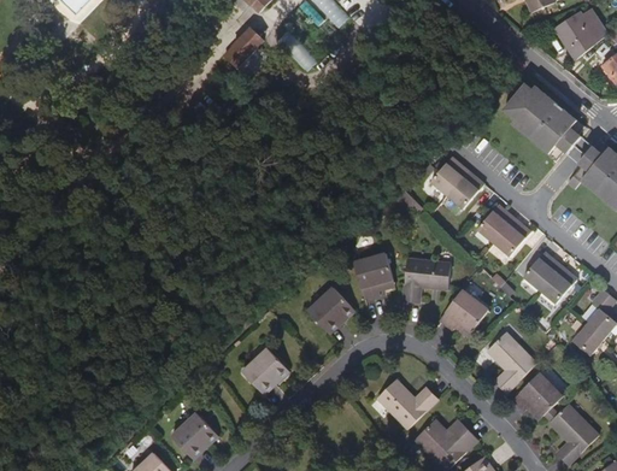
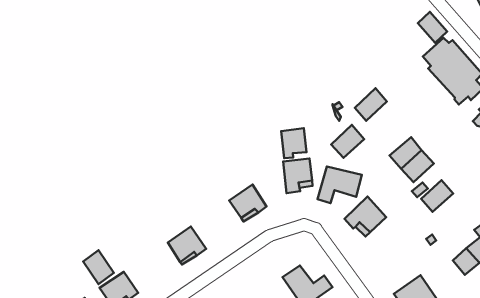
building: none -> [418,12,447,43]
building: [448,169,486,208] -> [331,125,364,158]
building: none -> [281,128,307,158]
building: [542,264,580,302] -> none
building: [488,326,536,385] -> none
building: none -> [83,250,114,284]

